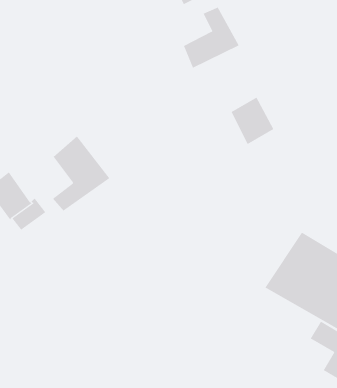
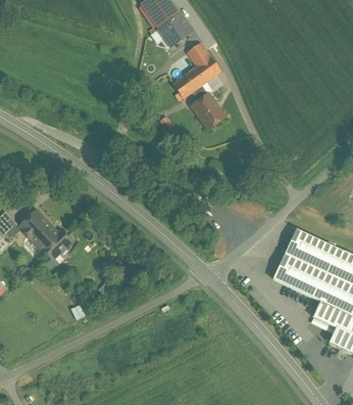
building: [231,97,274,145] -> [189,92,228,134]
building: [52,136,110,211] -> none

